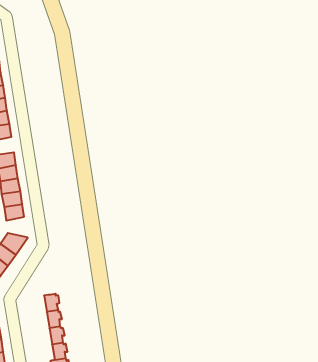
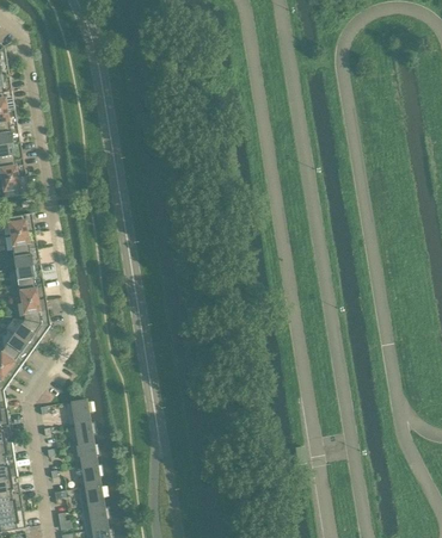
building: none -> [20,297,49,324]

